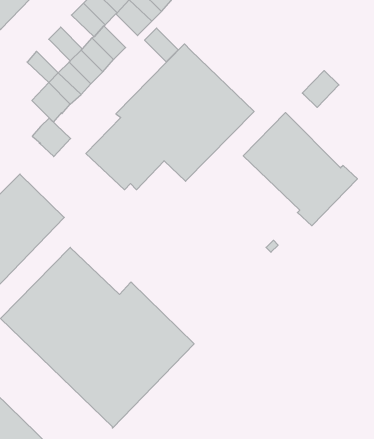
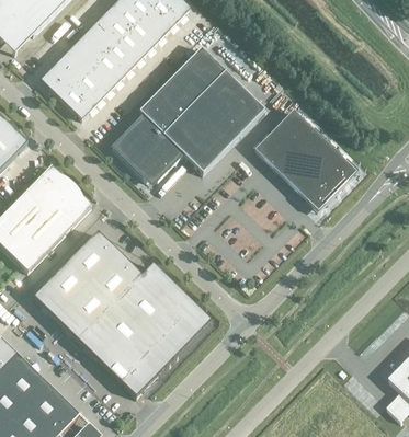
building: none -> [88,20,118,50]
building: [145,28,178,62] -> [127,19,158,49]
building: none -> [66,42,96,72]
building: [302,71,339,107] -> none
building: [32,118,71,157] -> [42,62,77,97]

